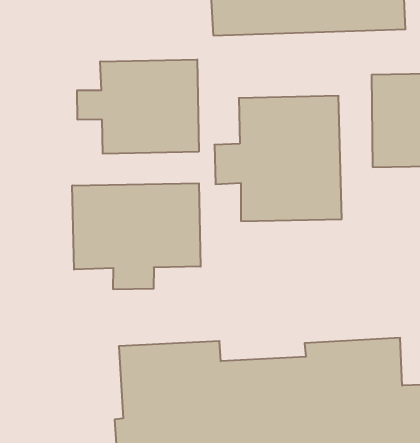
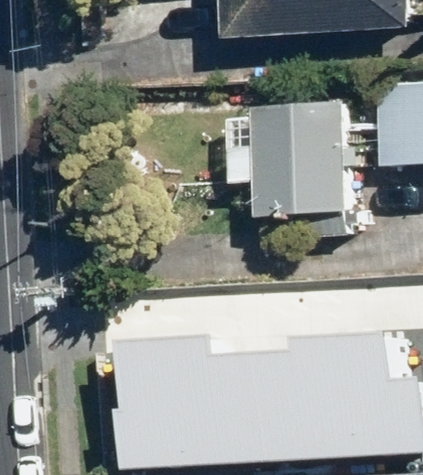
building: [77,59,199,154] -> none
building: [72,183,201,289] -> none

